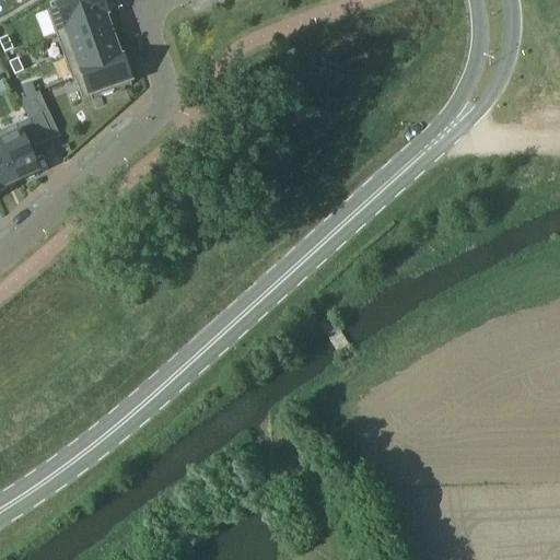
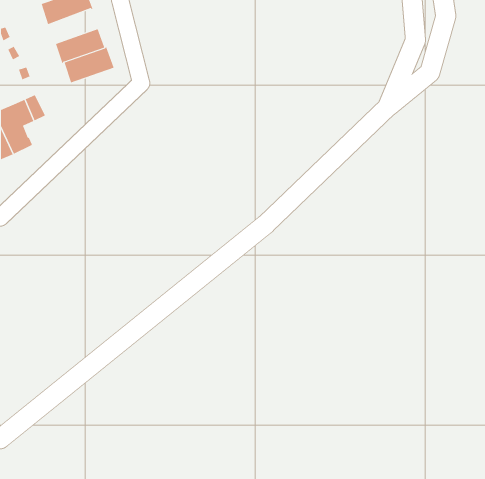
building: [57,10,115,50] -> none

